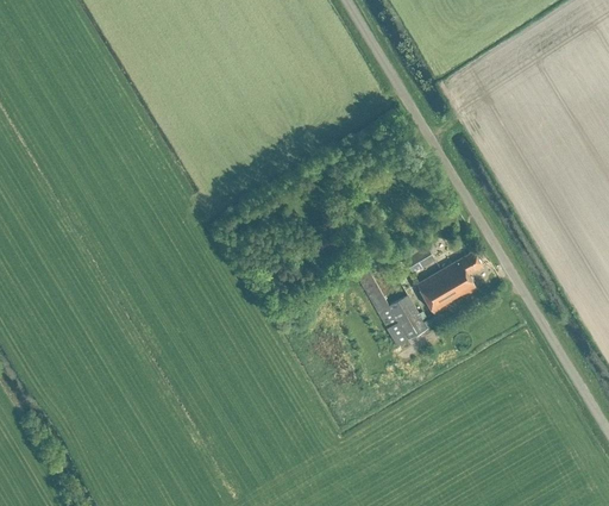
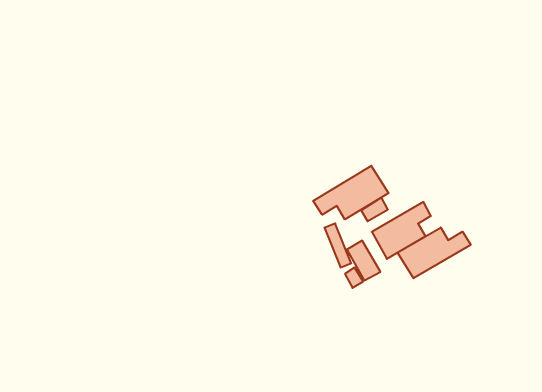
building: none -> [313,166,388,219]
building: none -> [398,227,471,278]

